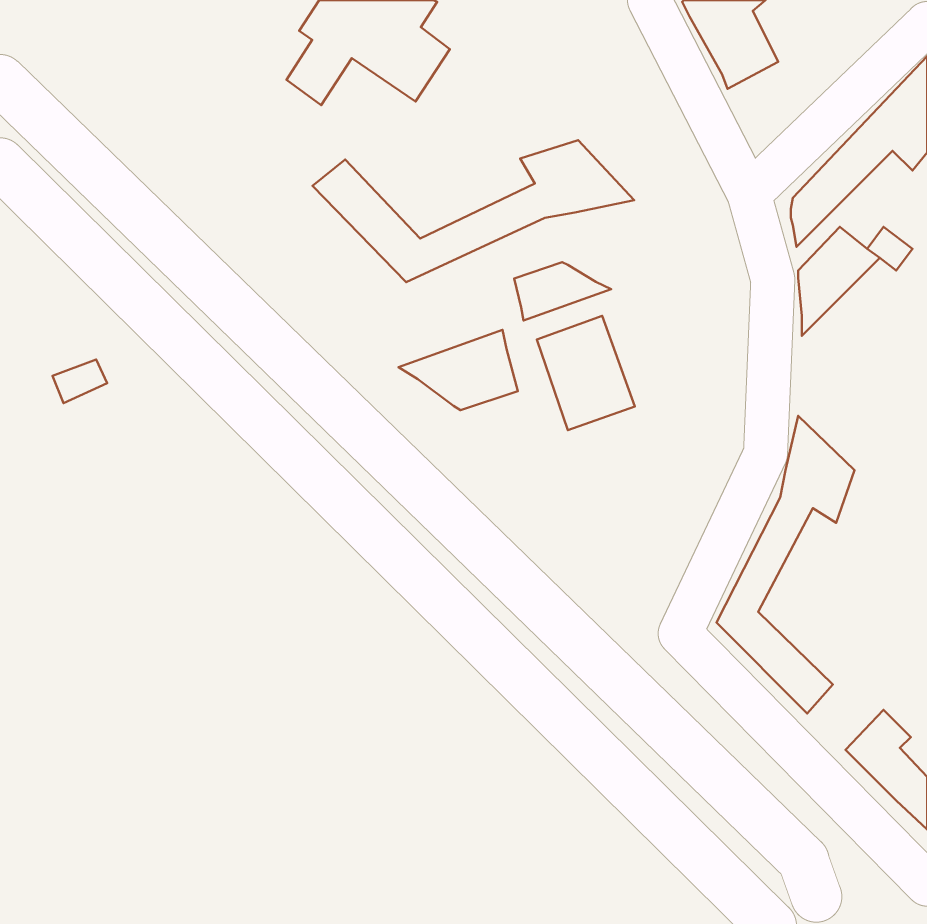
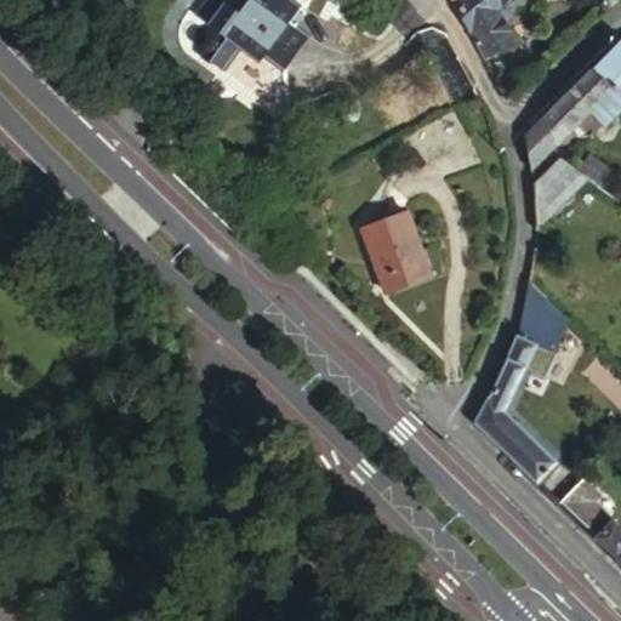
building: [312,140,634,282] -> none
building: [514,262,611,321] -> none
building: [399,330,518,410] -> none

